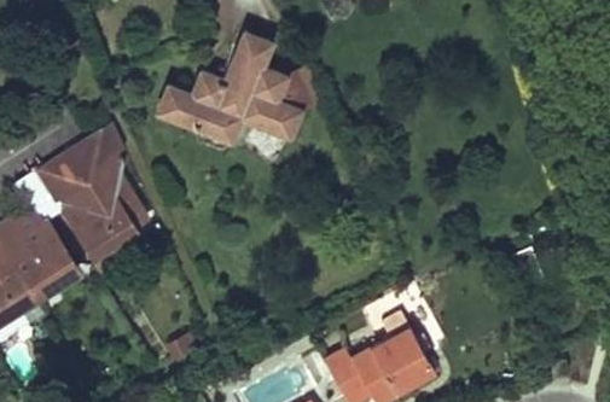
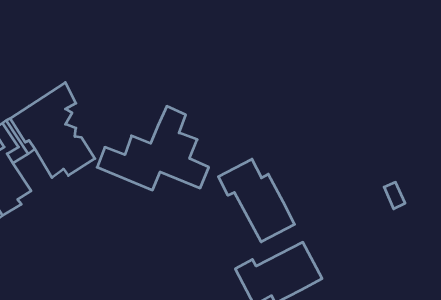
building: [158,34,300,140] -> [97,106,209,190]
building: none -> [218,159,295,242]

